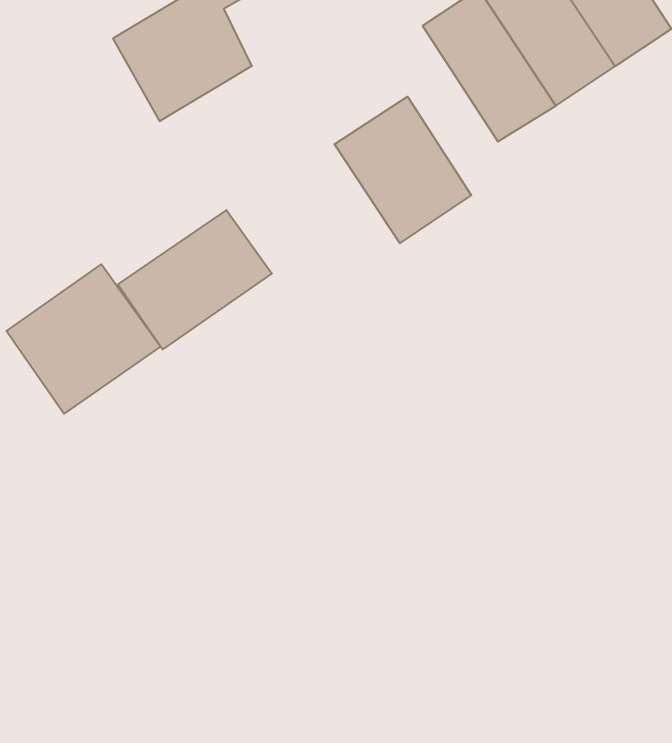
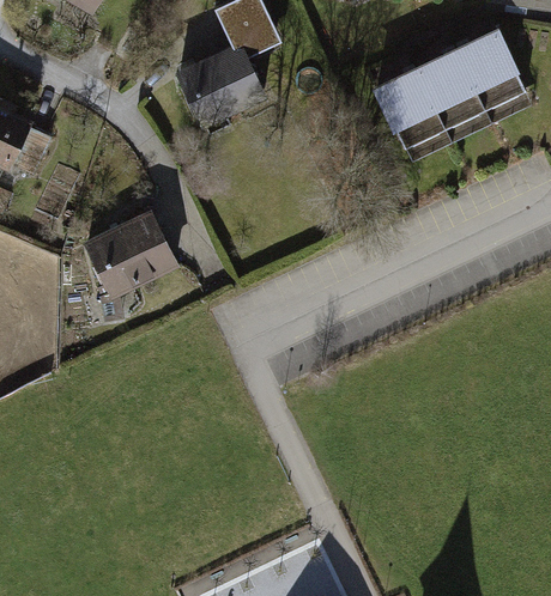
building: [335,97,471,243] -> none
building: [118,210,272,349] -> none

